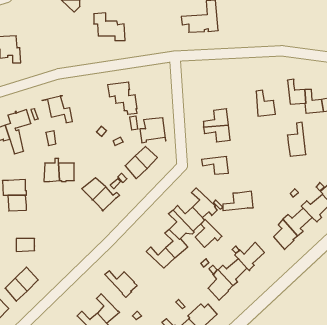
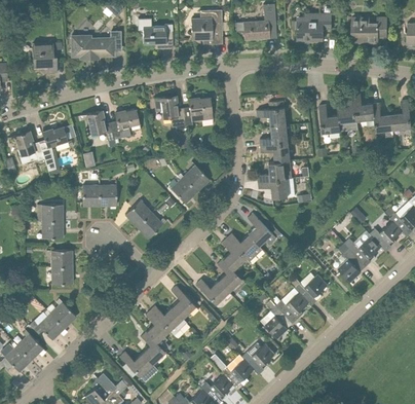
building: none -> [191,9,222,43]
building: none -> [296,13,330,40]
building: none -> [352,15,386,42]
building: none -> [71,32,120,58]
building: none -> [257,100,286,126]
building: none -> [111,108,139,139]
building: [140,118,166,143] -> [184,97,213,124]
building: [287,122,306,156] -> [337,93,357,131]
building: [223,191,253,211] -> [258,159,292,181]
building: [195,219,222,247] -> none
building: none -> [51,250,72,269]
building: none -> [171,285,196,318]
building: none -> [145,309,169,351]

